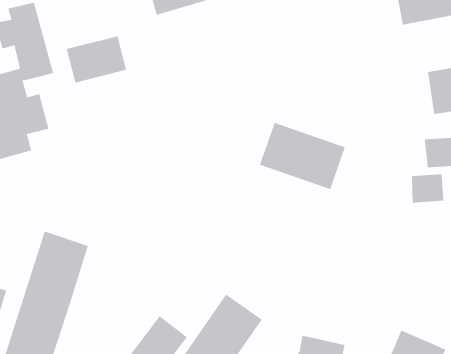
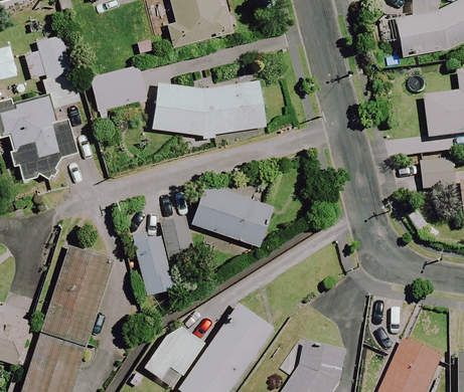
building: none -> [152,79,266,141]
building: [259,122,346,190] -> [190,183,271,246]
building: [411,173,444,203] -> none
building: none -> [133,216,193,295]

